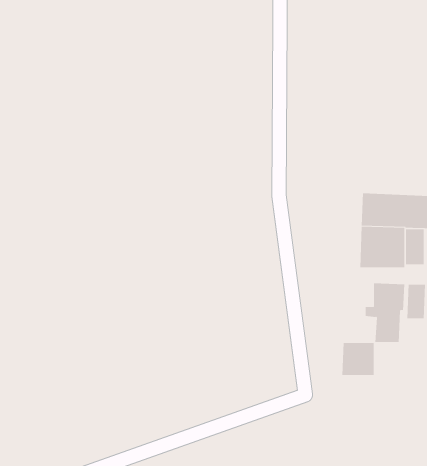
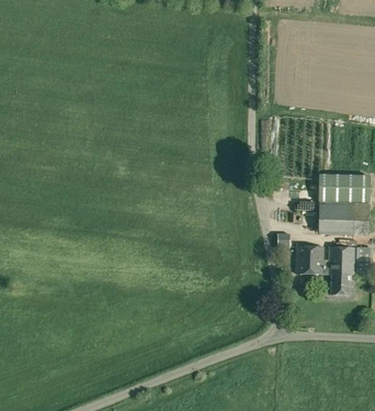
building: [341,342,375,376] -> [295,245,321,271]

